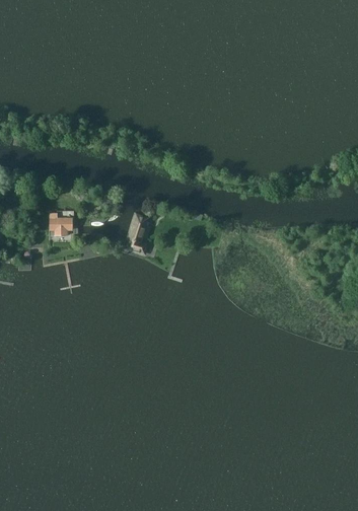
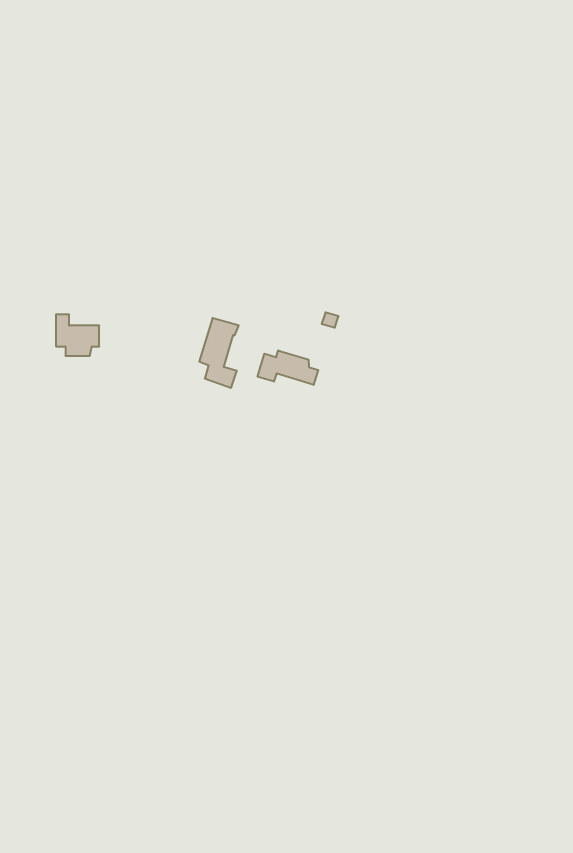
building: none -> [258,350,318,385]

